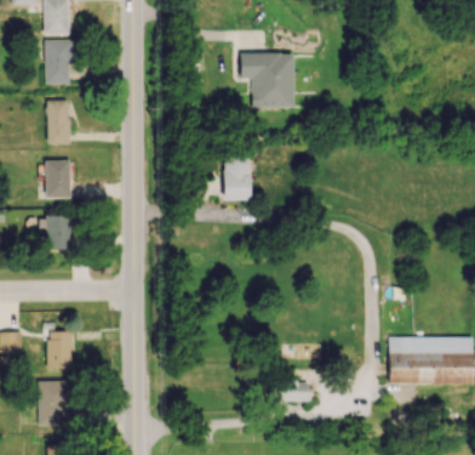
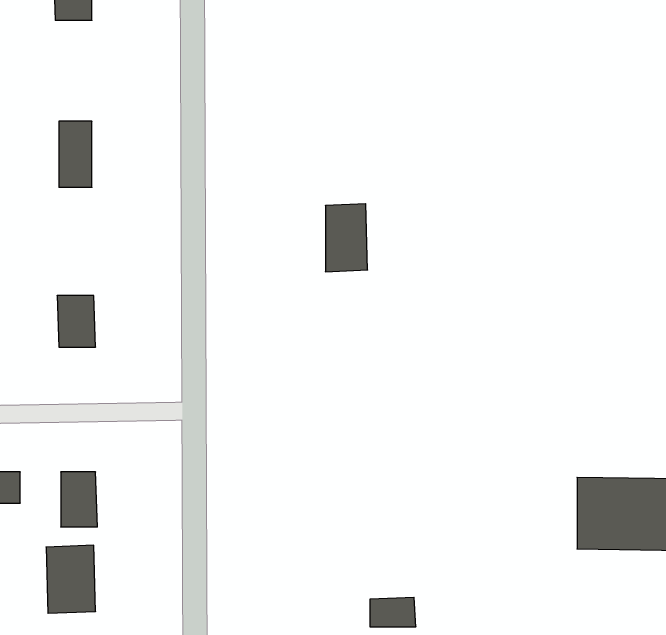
building: [45,40,71,84] -> none
building: [240,52,294,109] -> none
building: [45,160,71,199] -> none
building: [279,382,309,402] -> [370,597,416,627]

